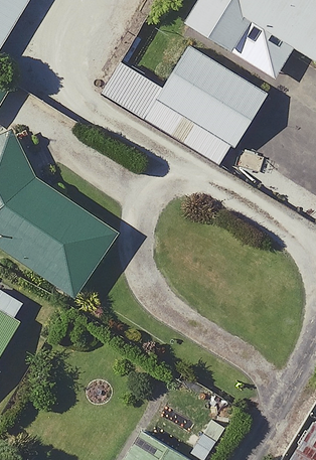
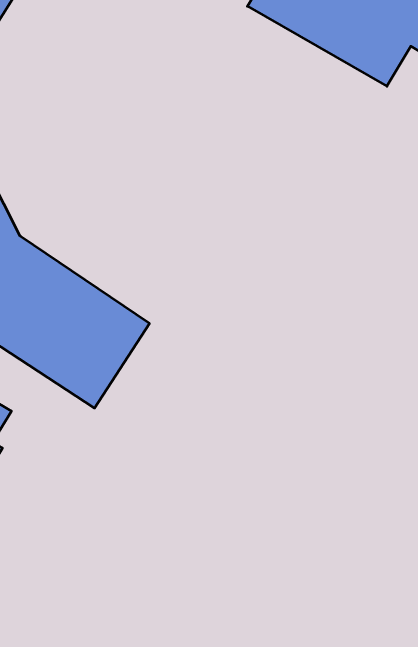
building: [165,53,259,134] -> none

